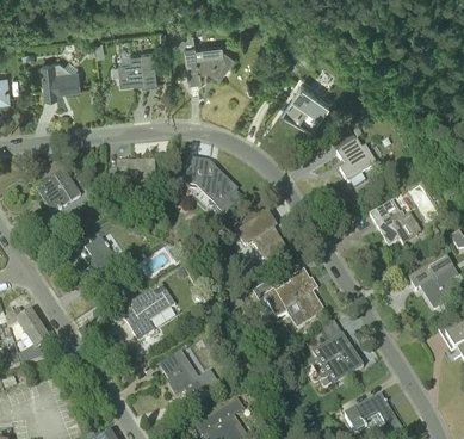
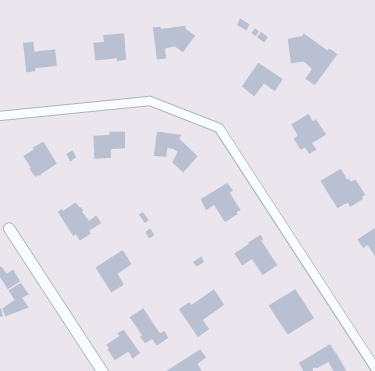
building: none -> [287,32,338,86]
building: none -> [178,288,225,338]
building: none -> [105,329,141,361]

